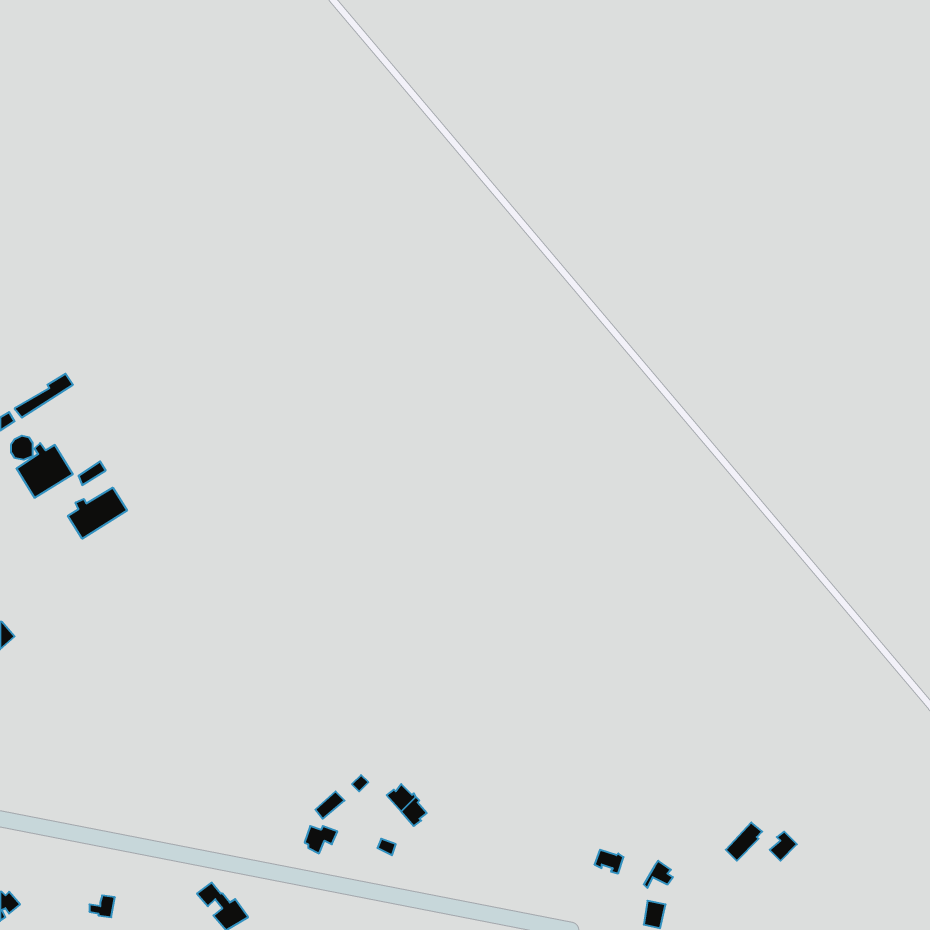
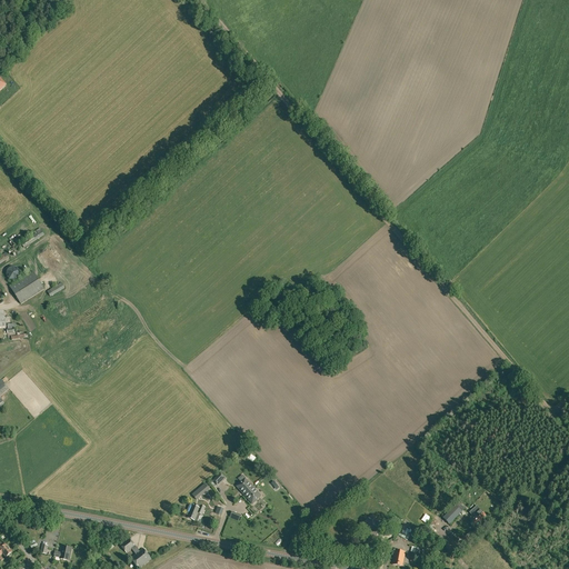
building: [68,488,127,539] -> none

